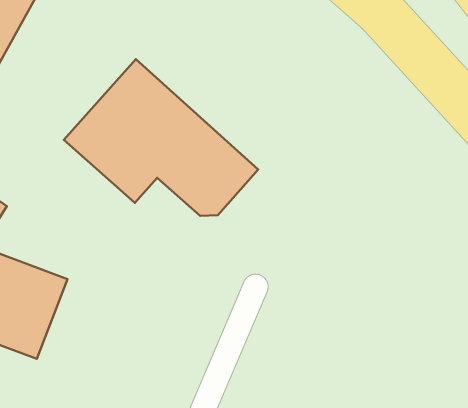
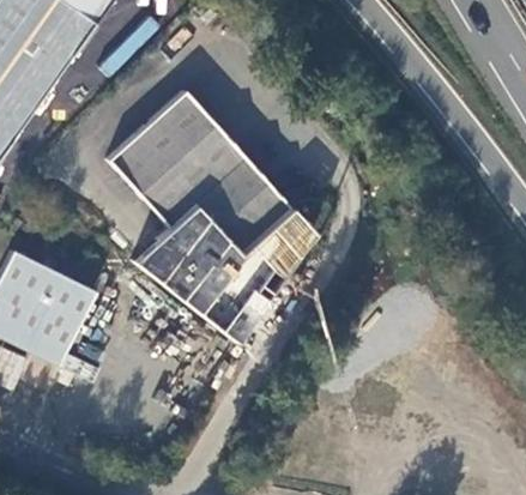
building: none -> [134,204,314,346]

